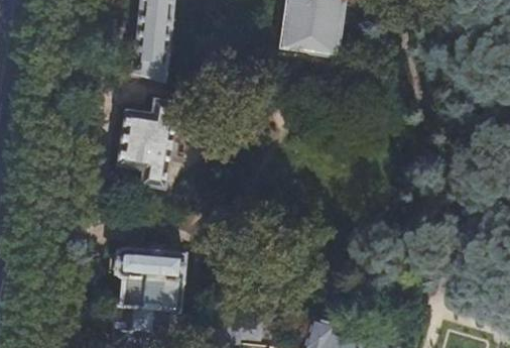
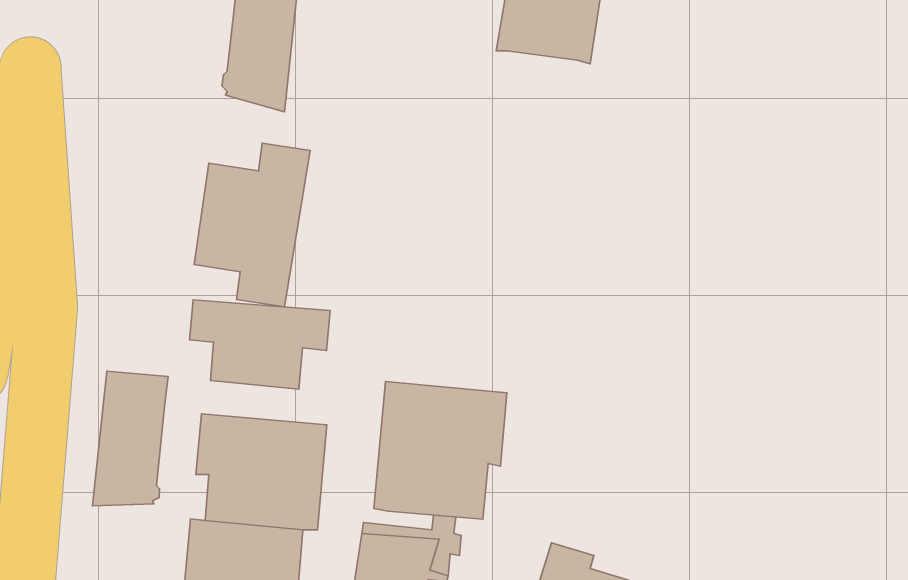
building: none -> [190,300,330,389]
building: none -> [93,371,168,506]
building: none -> [374,382,507,519]

